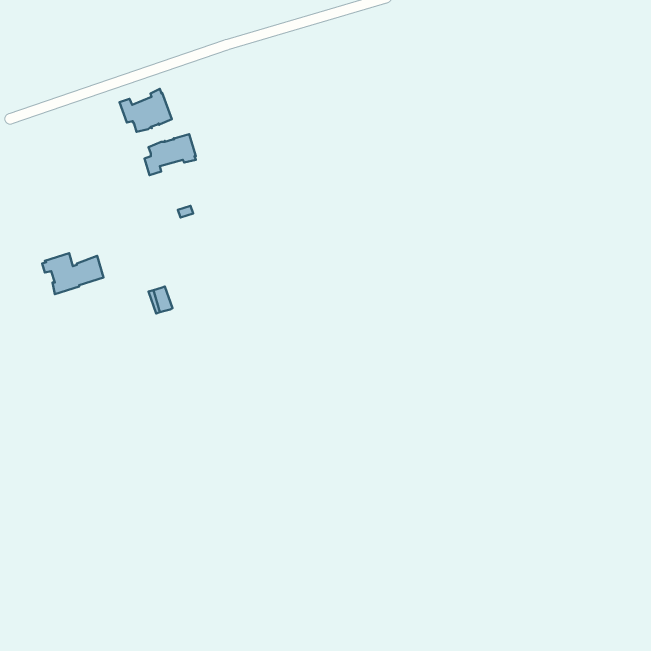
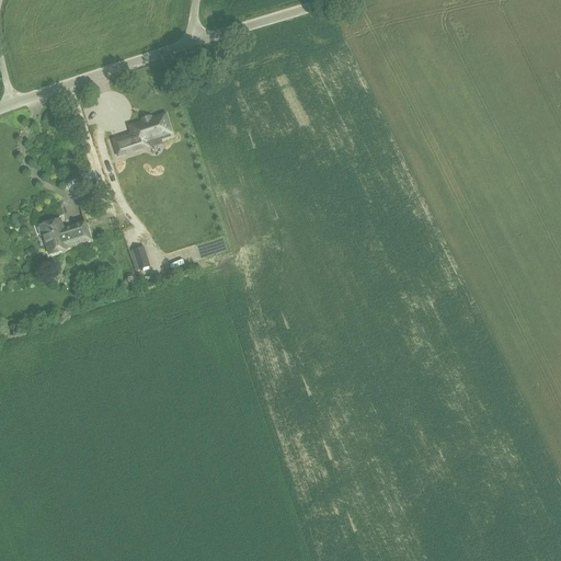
building: [120,89,172,132] -> none

